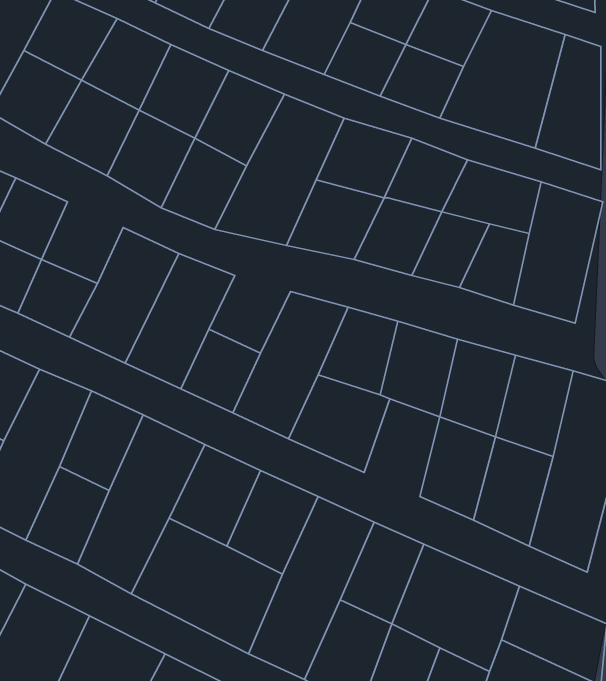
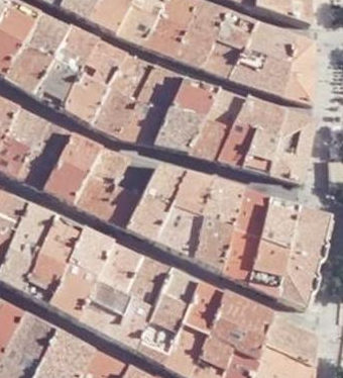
building: none -> [28,118,70,160]
building: none -> [113,156,154,195]
building: none -> [192,218,230,268]

